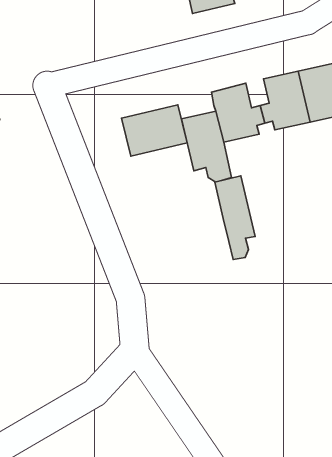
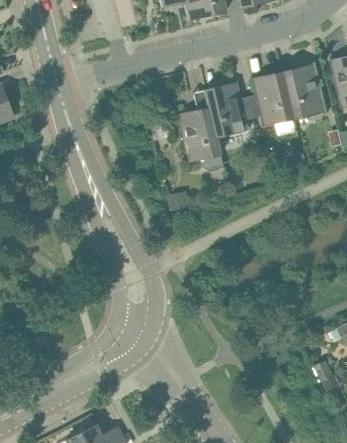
building: [122,105,187,156] -> none
building: [215,176,255,260] -> none

